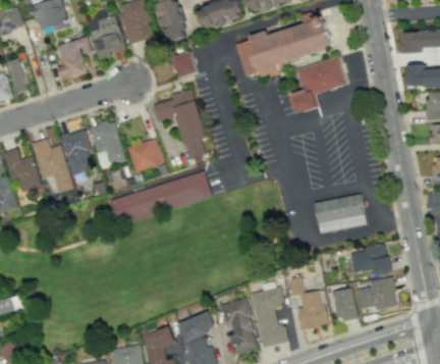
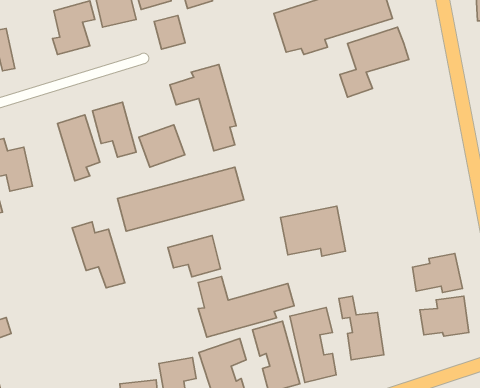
building: [171,50,197,77] -> [154,15,185,49]
building: [31,138,73,192] -> [72,222,125,288]
building: [317,197,370,238] -> [280,206,345,256]
building: none -> [168,236,221,277]
building: none -> [198,276,294,337]
building: [332,288,355,319] -> none

